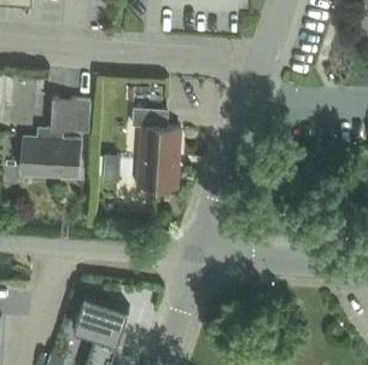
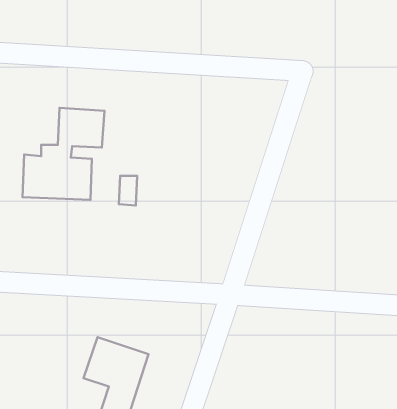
building: [132,108,180,187] -> none

